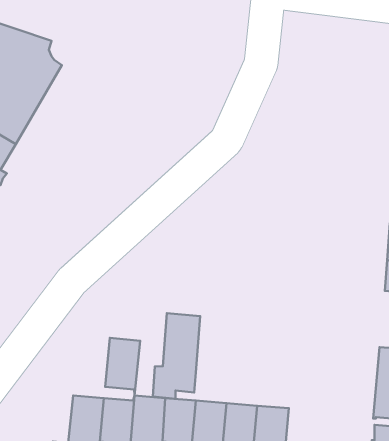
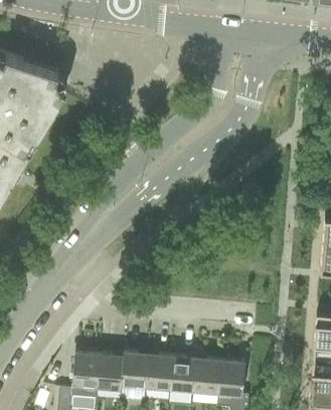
building: [153,313,200,399] -> none
building: [105,338,140,396] -> none

